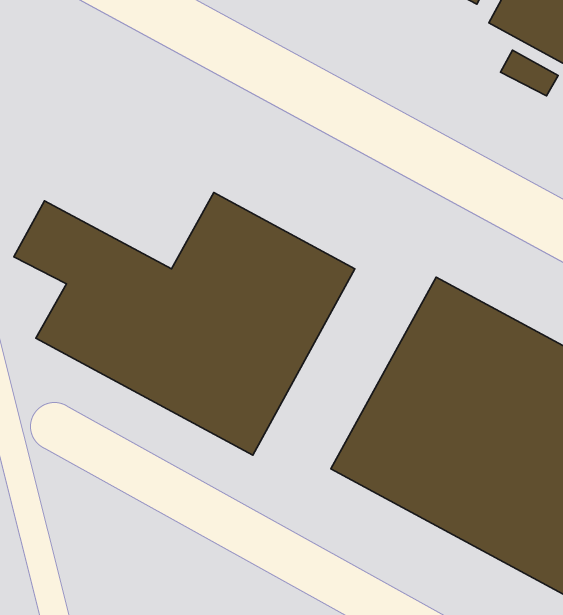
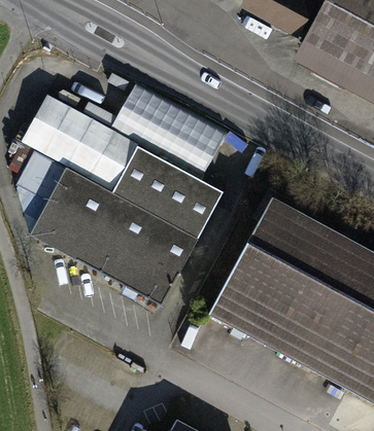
building: none -> [22,94,138,189]

